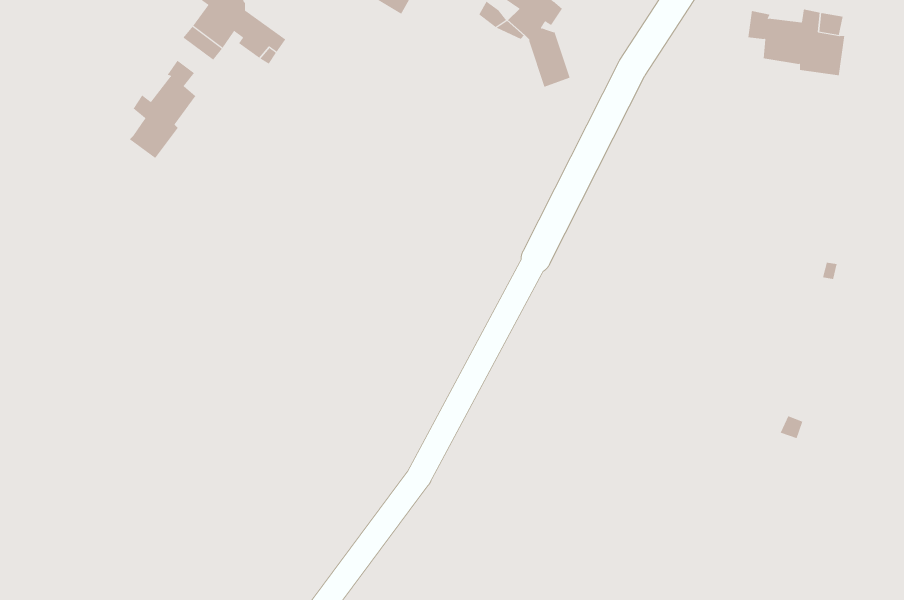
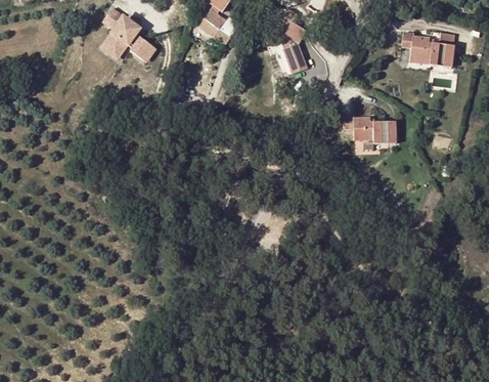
building: [129,60,196,159] -> none
building: none -> [344,115,395,143]

